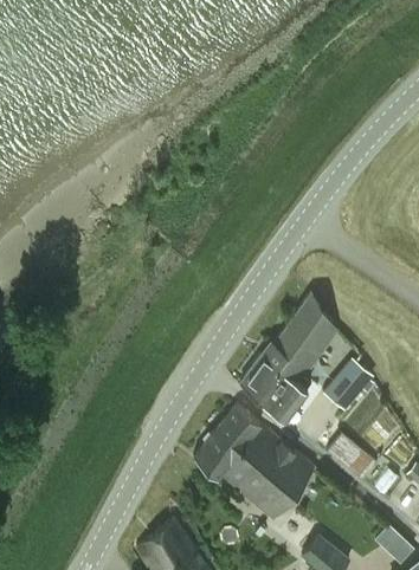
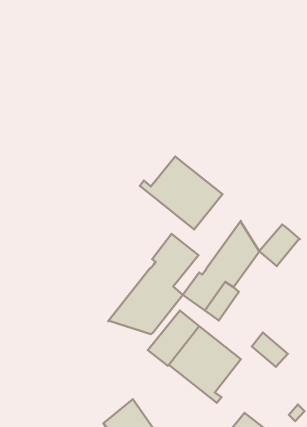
building: none -> [140,157,223,230]
building: none -> [108,234,198,334]
building: [322,358,374,412] -> [259,224,300,266]

